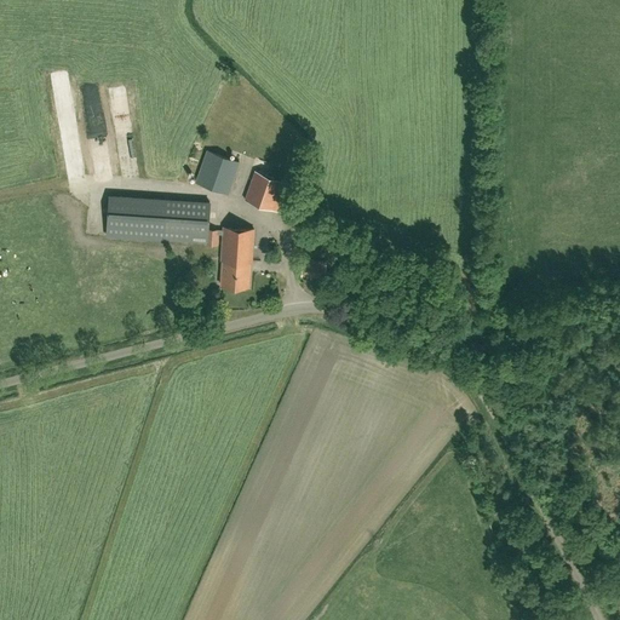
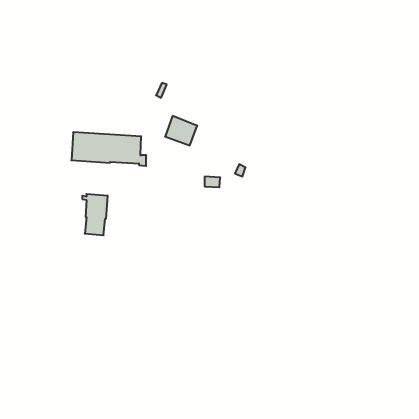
building: [195,151,239,194] -> none
building: [216,228,253,288] -> [82,194,108,235]

